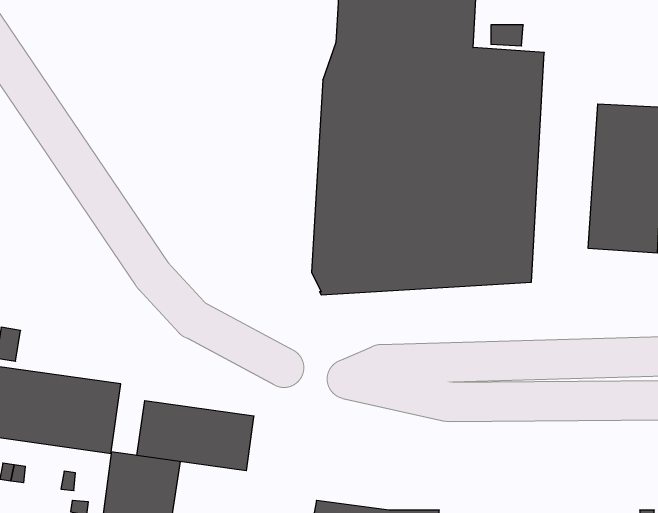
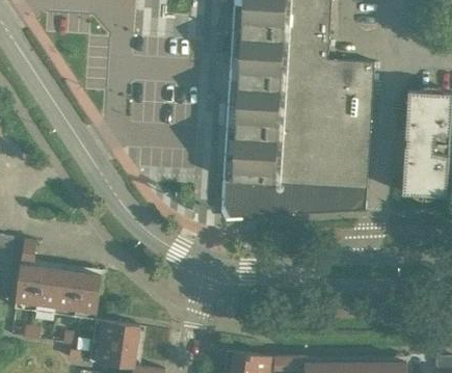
building: [137,401,254,471] -> none

